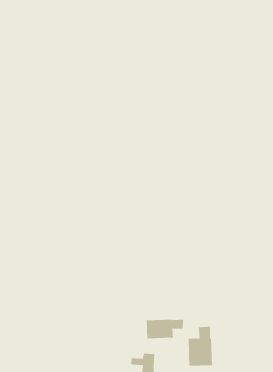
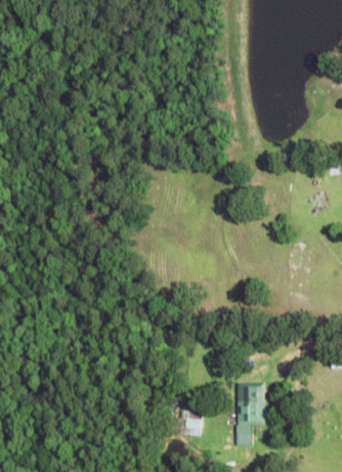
building: [146,319,184,339] -> none

